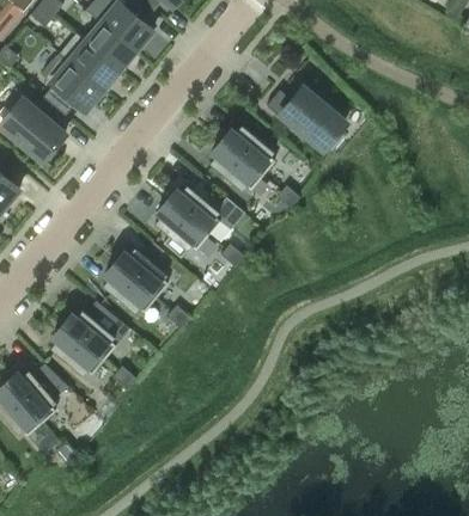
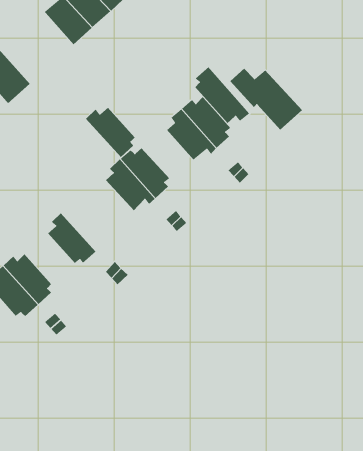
building: [47,57,103,111] -> none
building: none -> [195,66,250,124]
building: [114,247,168,297] -> [85,107,135,158]

